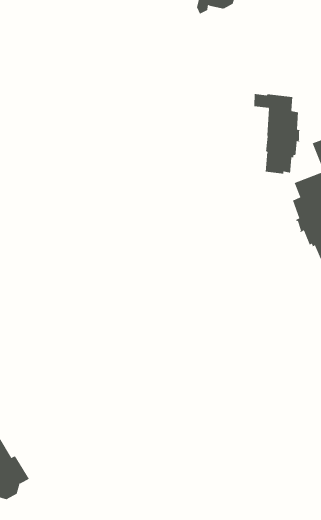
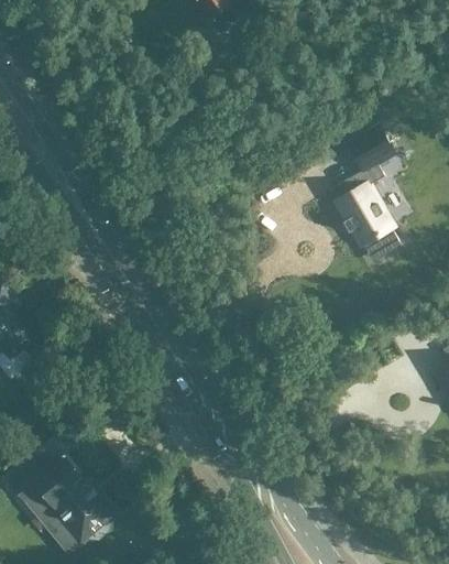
building: [254,93,301,174] -> none

